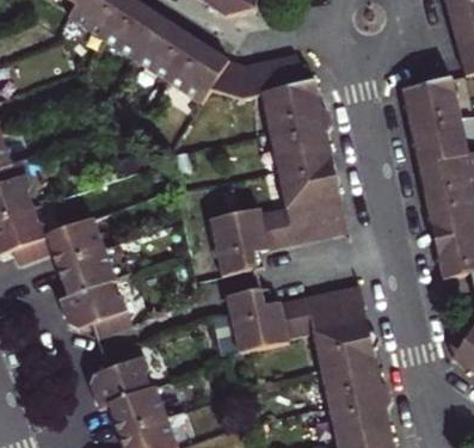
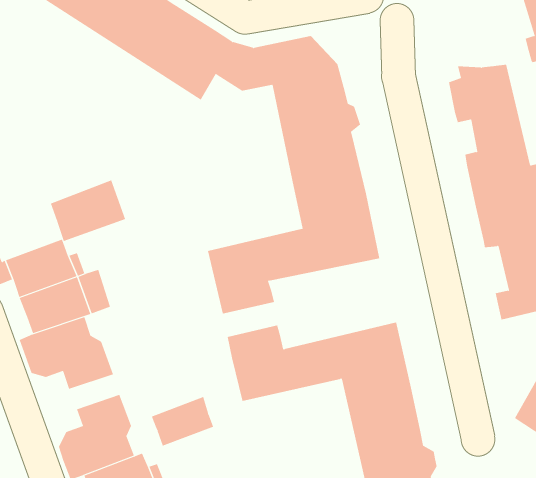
building: none -> [50,180,126,242]
building: none -> [151,396,214,446]

